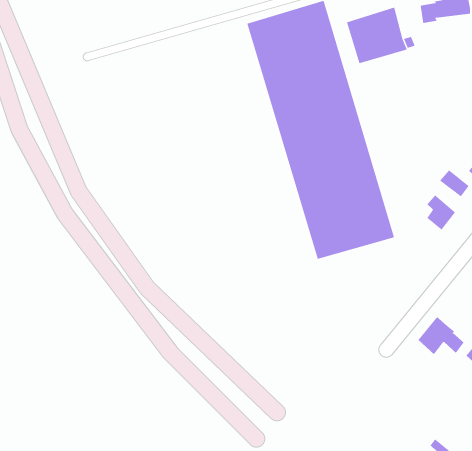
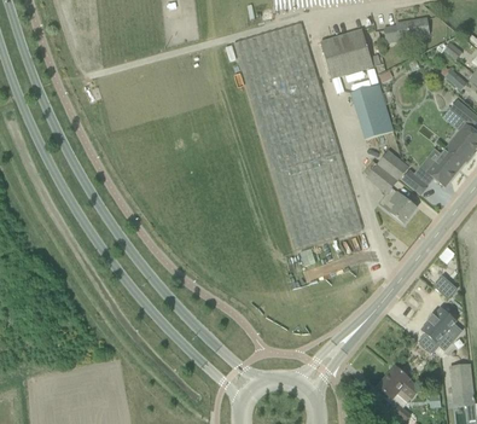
building: none -> [355,82,395,137]
building: none -> [362,149,408,192]
building: [417,316,465,355] -> [378,365,419,399]

